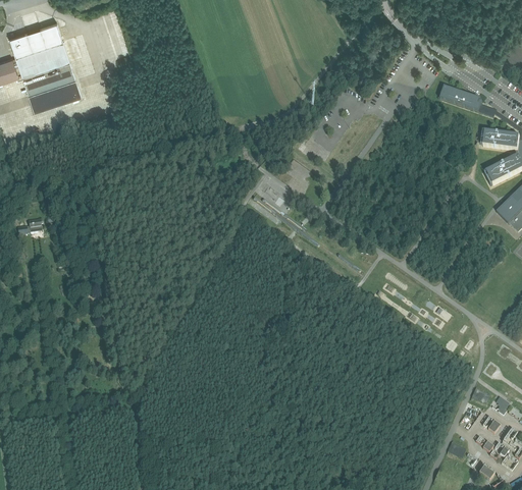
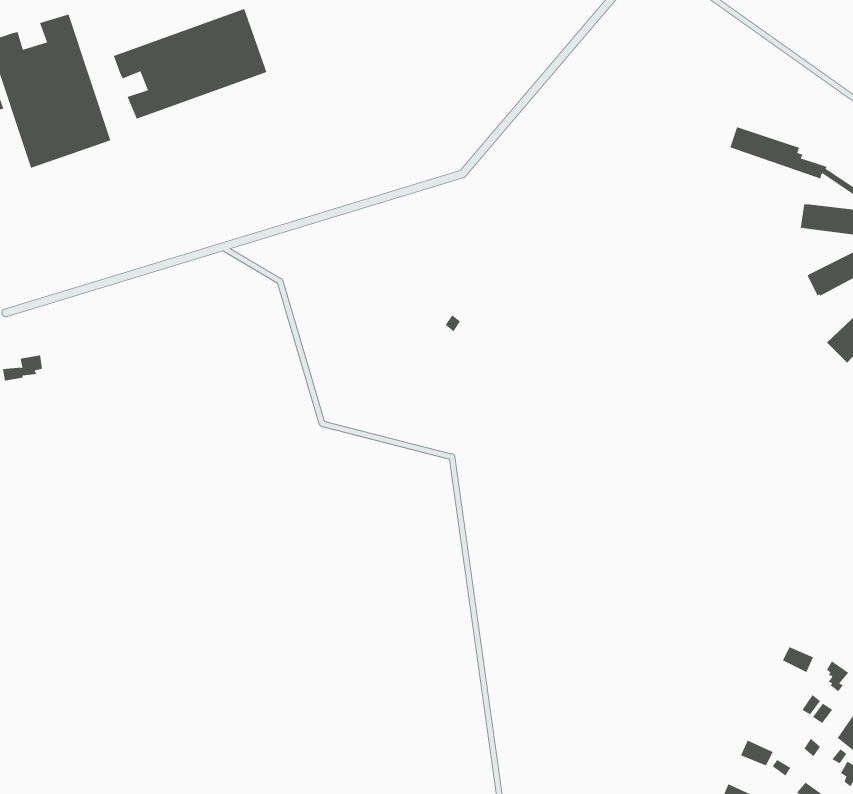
building: none -> [112,8,267,119]

